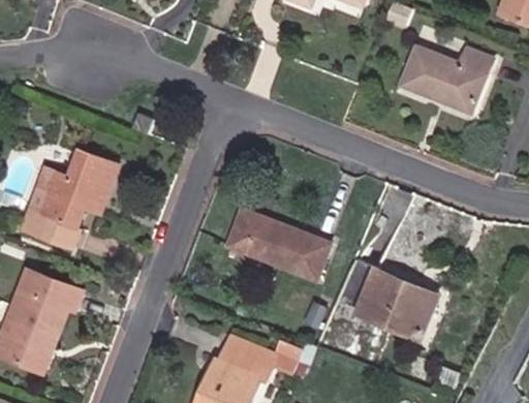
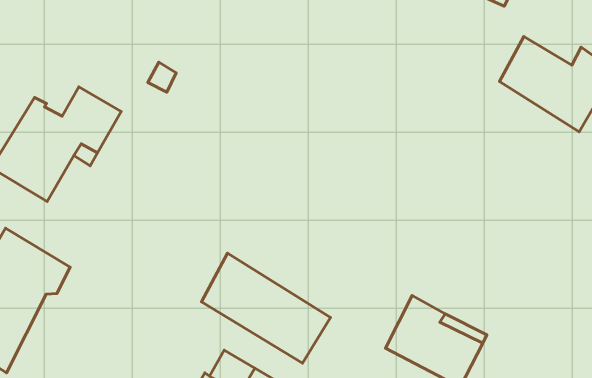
building: [234,209,339,287] -> [202,253,330,363]

